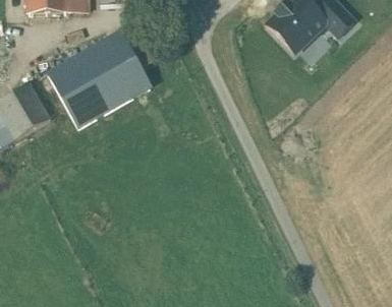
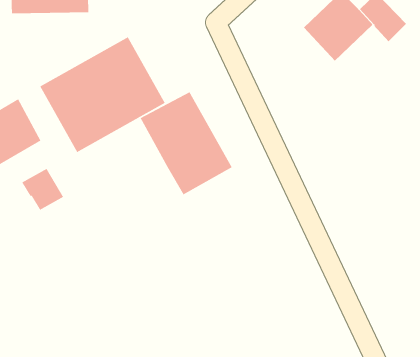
building: none -> [139,91,233,195]
building: none -> [21,168,64,211]

